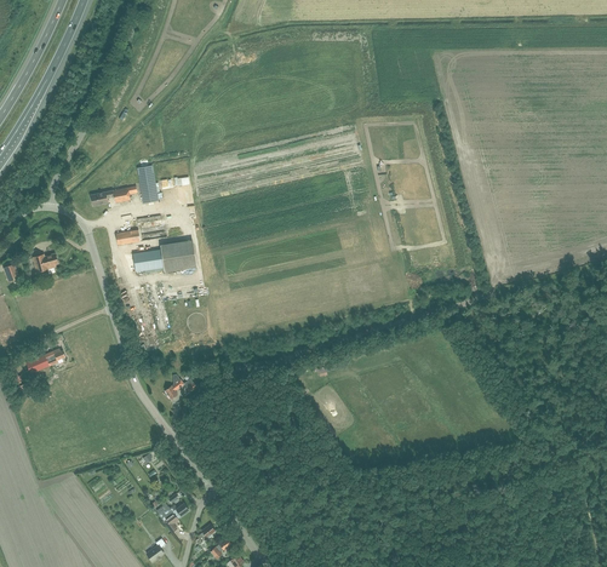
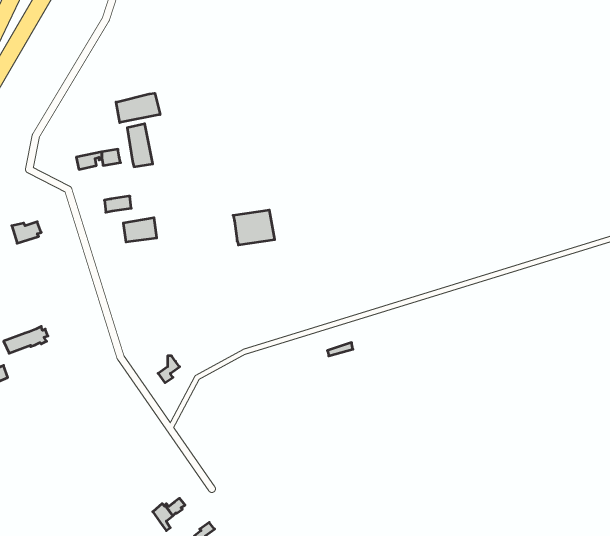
building: none -> [116,93,160,123]
building: [160,240,197,271] -> [233,210,275,245]

